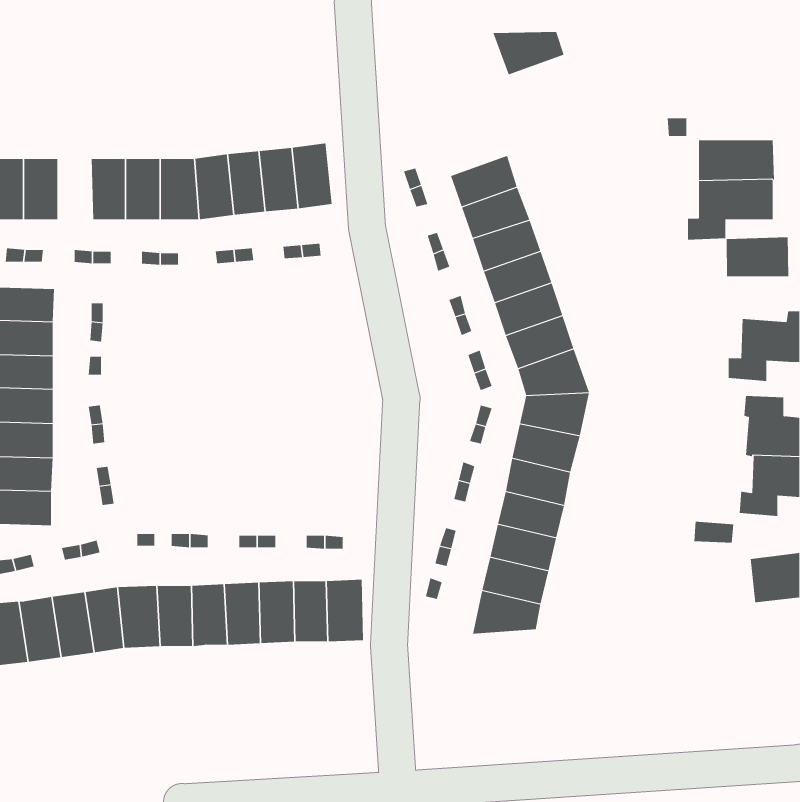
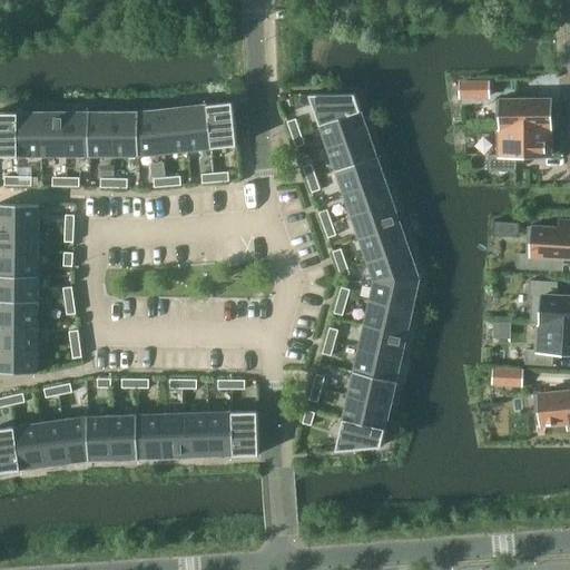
building: [492,31,565,75] -> [308,94,360,125]
building: none -> [41,112,66,156]
building: [726,237,789,277] -> none

